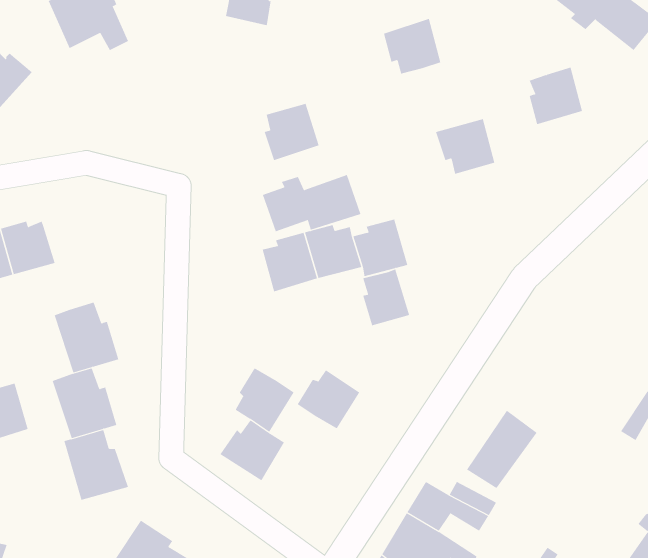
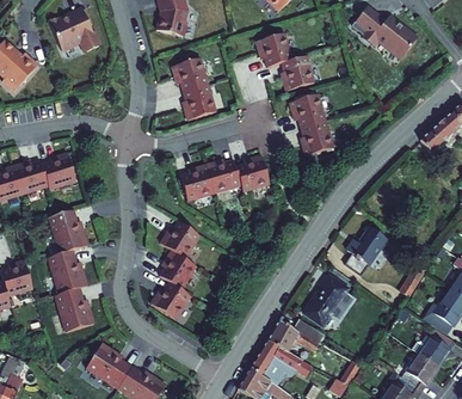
building: none -> [168,59,205,93]
building: [529,67,583,125] -> [278,56,312,92]
building: none -> [296,123,331,158]
building: [262,174,361,232] -> none
building: none -> [43,152,78,189]
building: [362,268,410,326] -> none
building: none -> [345,227,386,275]
building: [297,369,360,429] -> [162,221,202,258]

